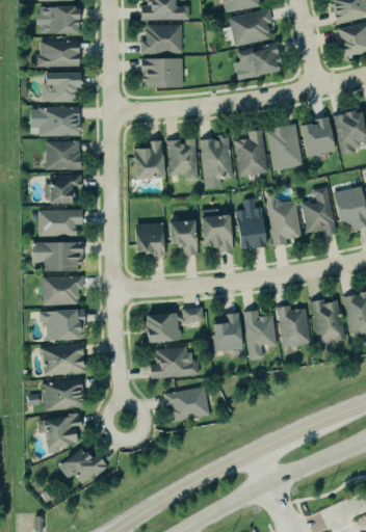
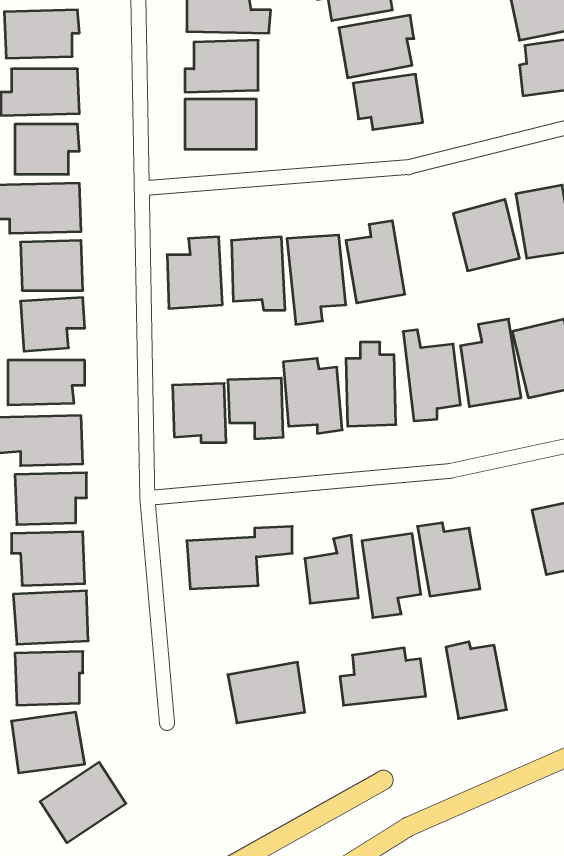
building: [266,123,305,171] -> none
building: [311,298,346,343] -> [446,642,507,719]
building: [149,346,199,379] -> [340,648,426,705]

